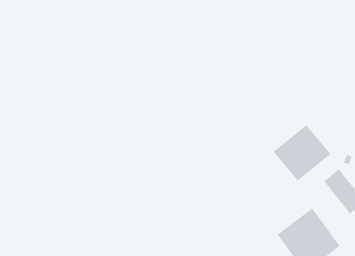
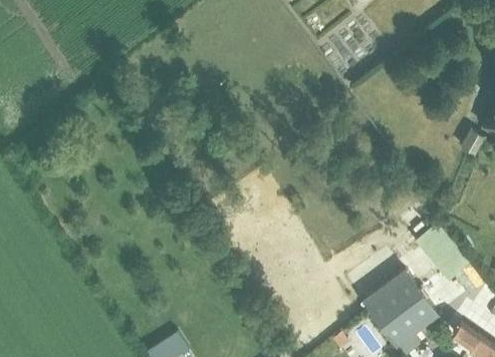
building: [273,124,331,181] -> none

